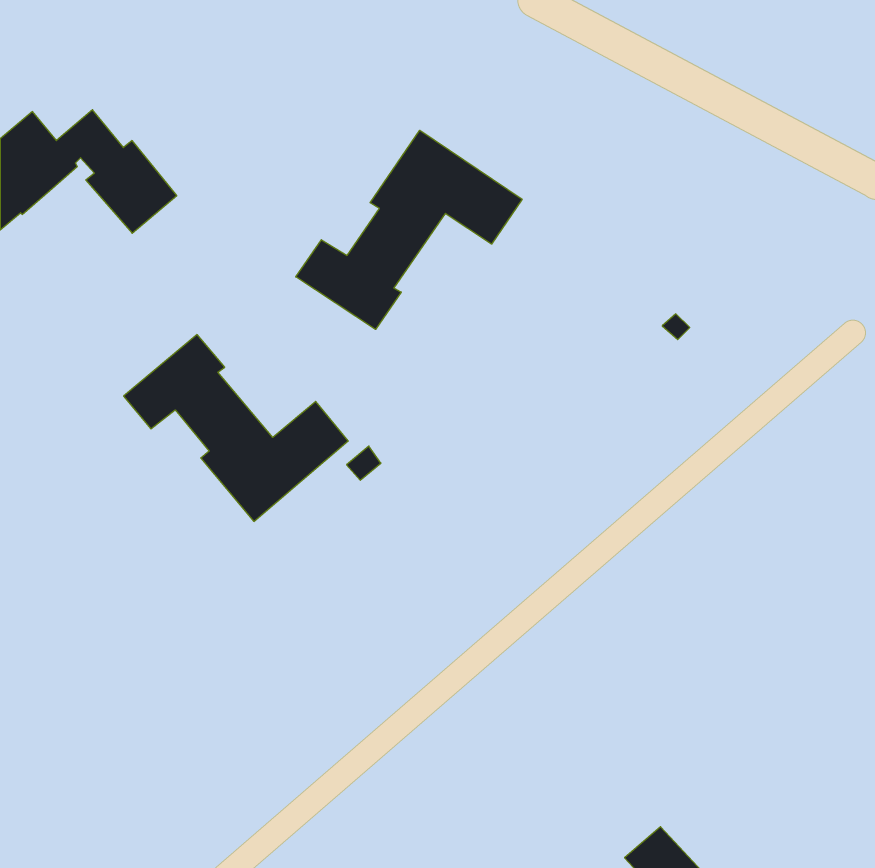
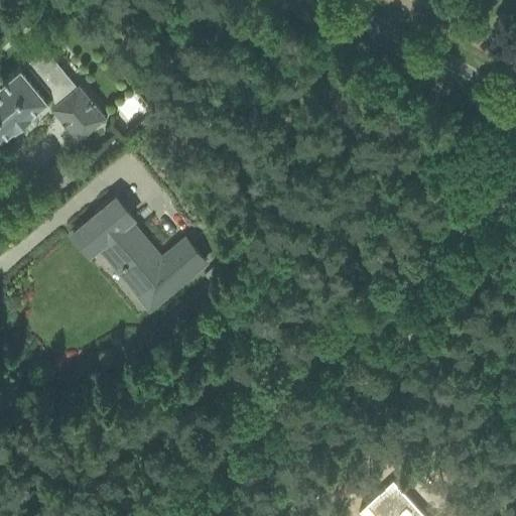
building: [296,130,522,329] -> none

